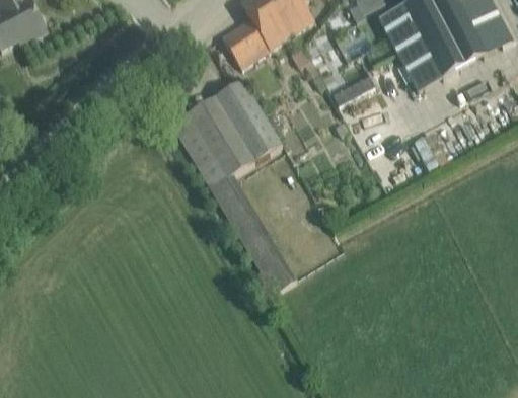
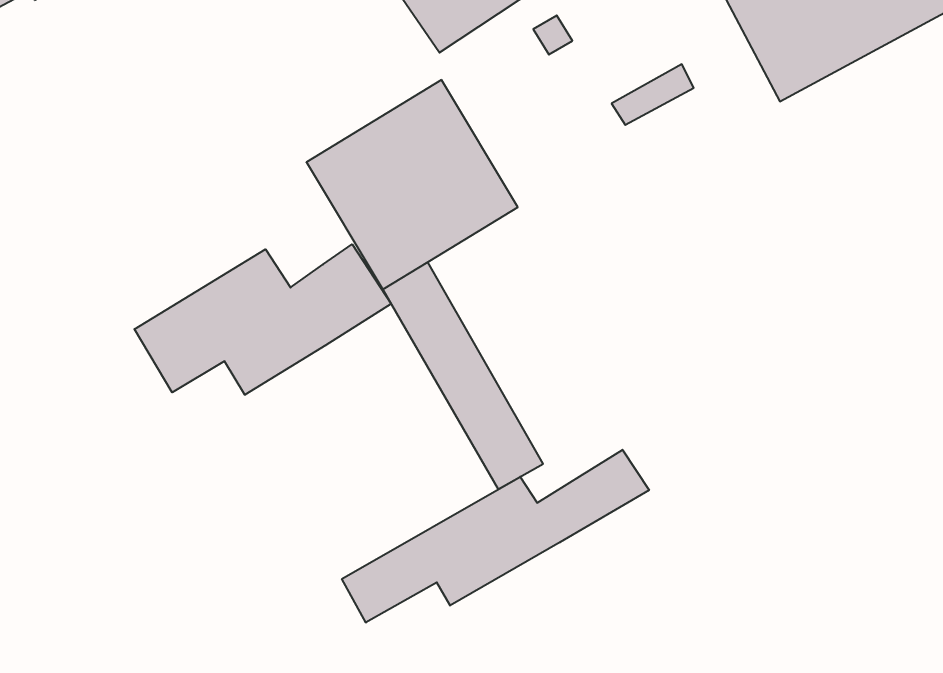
building: none -> [134,244,391,395]
building: none -> [342,450,649,623]

